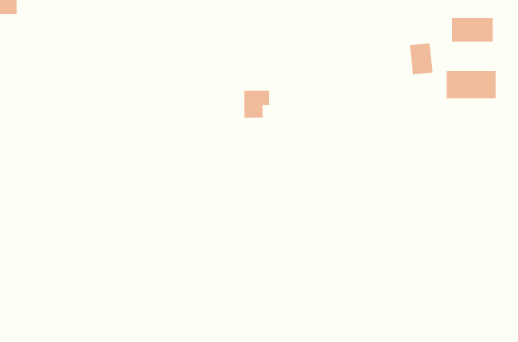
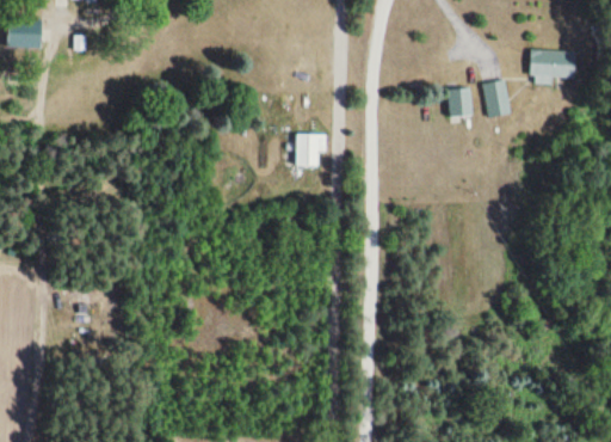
building: none -> [448,88,471,116]
building: [446,70,497,99] -> none

